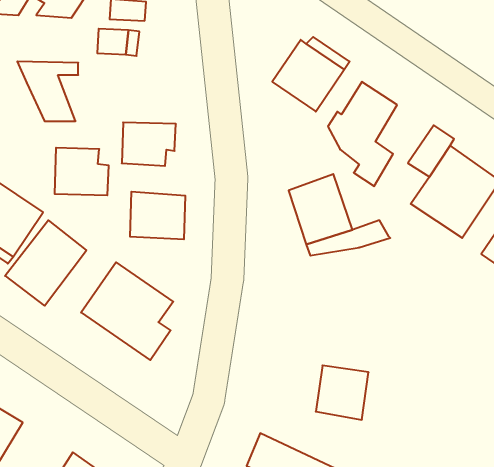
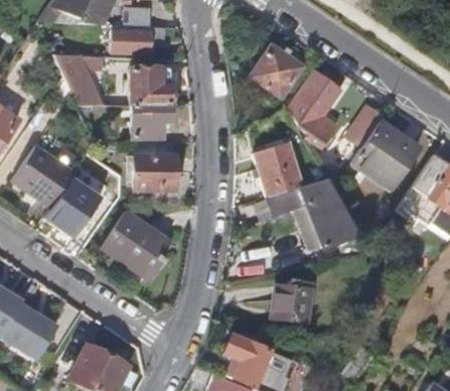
building: [55,148,109,195] -> [133,69,173,104]
building: none -> [308,188,356,242]

